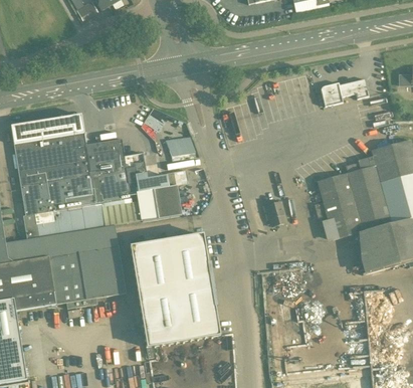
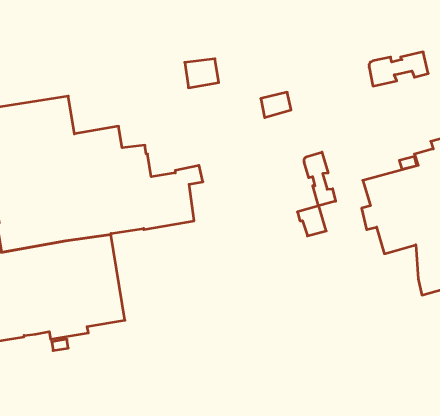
building: [167,135,194,158] -> [185,59,219,88]
building: none -> [304,152,336,206]
building: [132,232,221,345] -> none

